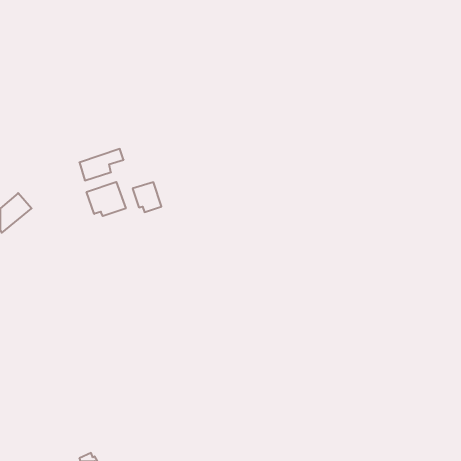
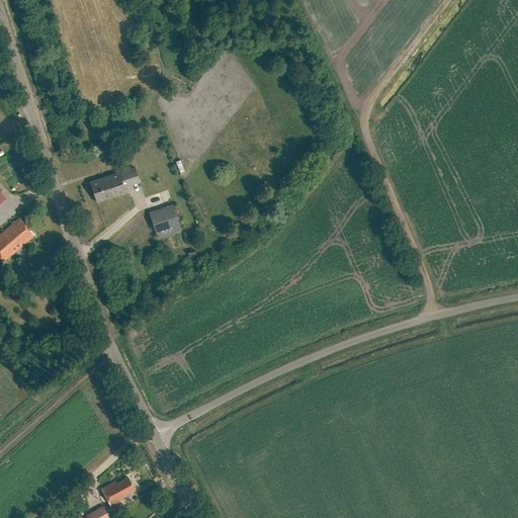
building: [87,182,126,216] -> none
building: none -> [101,477,134,506]

